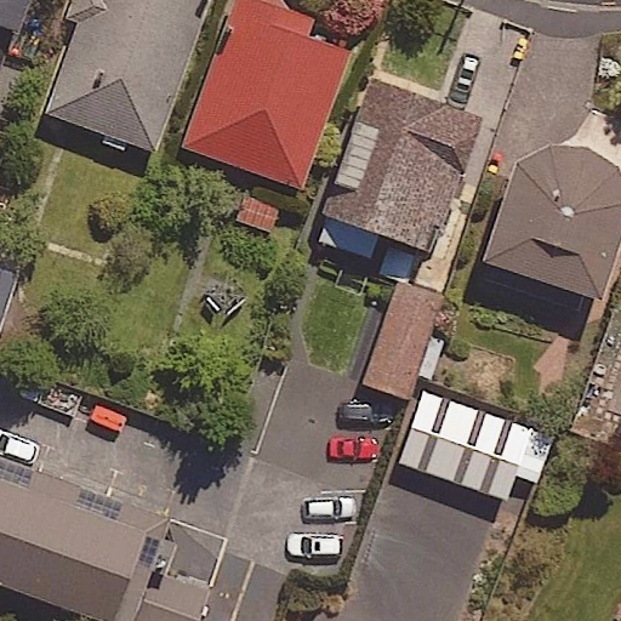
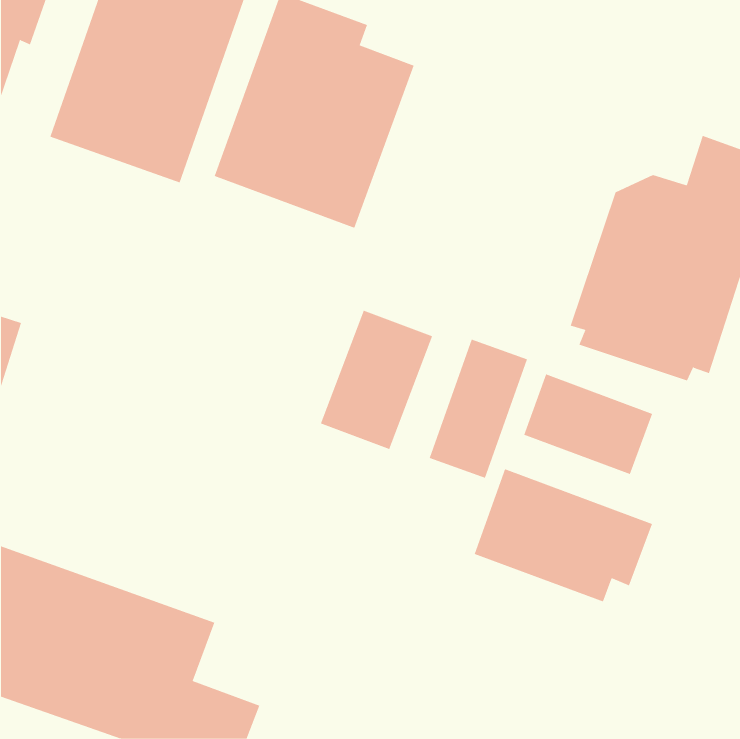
building: [313,82,478,260] -> none
building: none -> [320,310,433,450]
building: none -> [523,374,653,475]

